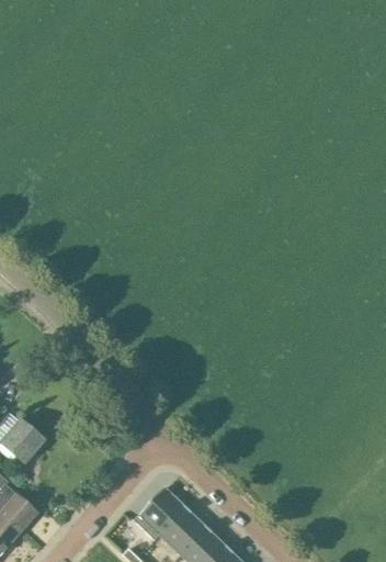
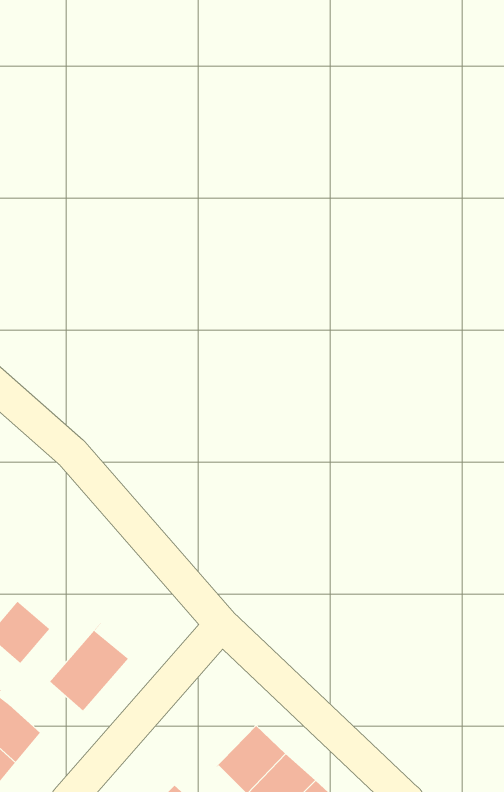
building: none -> [49,621,129,712]
building: [135,487,186,540] -> none

